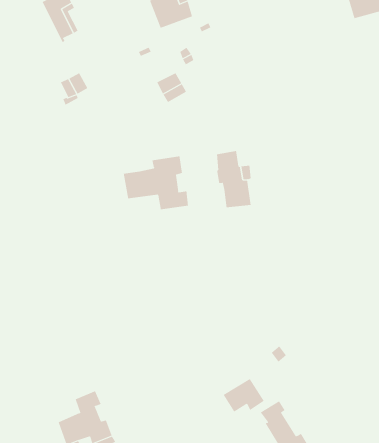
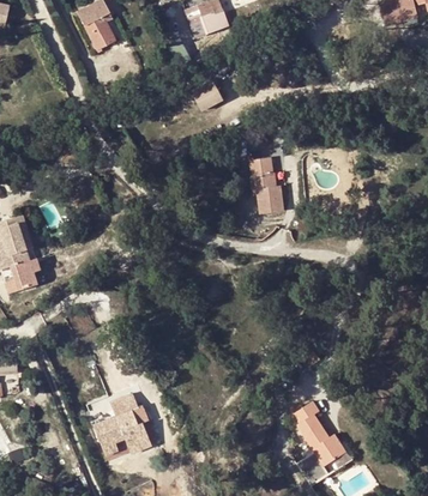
building: [123,156,188,210] -> none
building: [223,378,264,413] -> none

